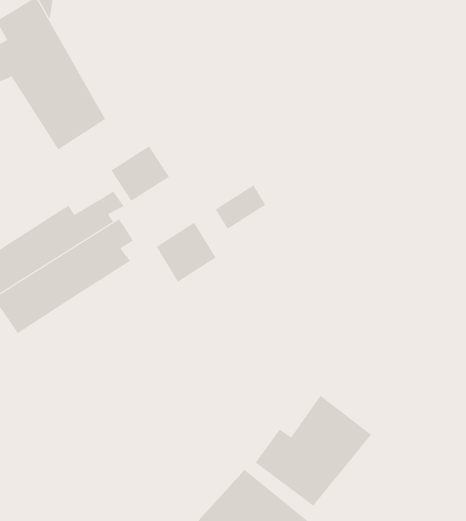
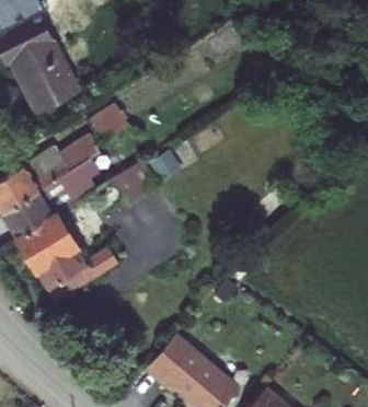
building: none -> [18,213,118,301]
building: [255,395,372,507] -> none

